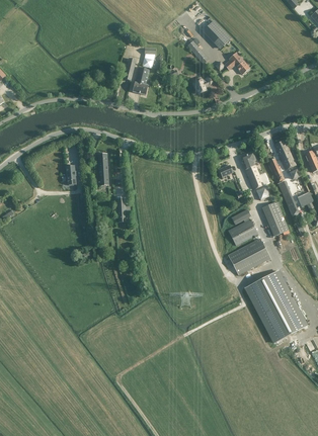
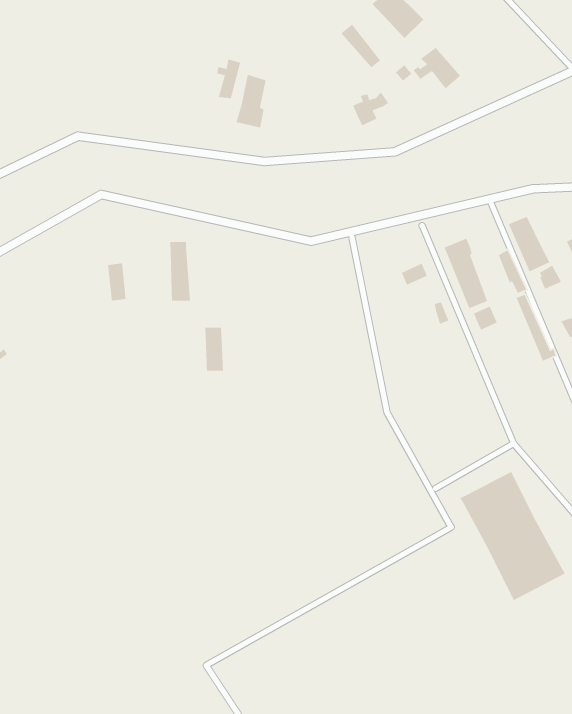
building: [261,201,288,236] -> none
building: [228,209,257,246] -> none
building: [228,239,269,275] -> none

